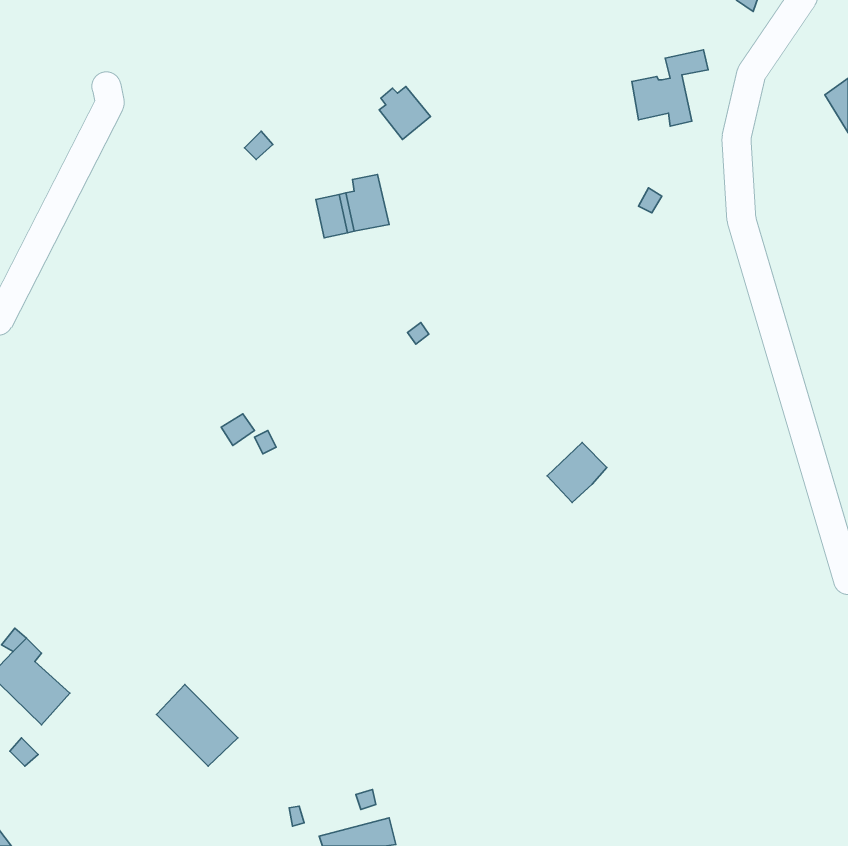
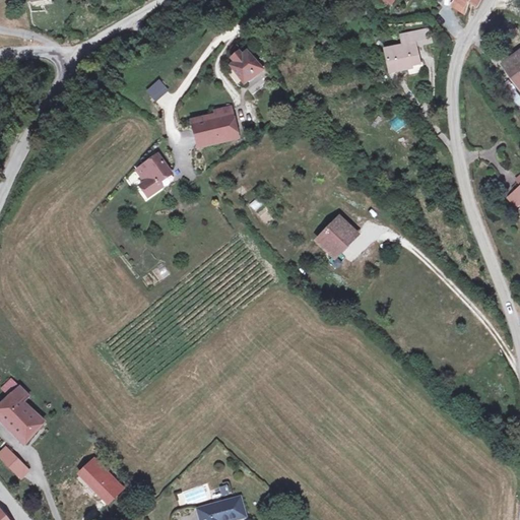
building: none -> [133,155,167,197]
building: [547,443,607,502] -> [319,216,355,253]
building: [156,685,238,766] -> [75,454,125,504]

